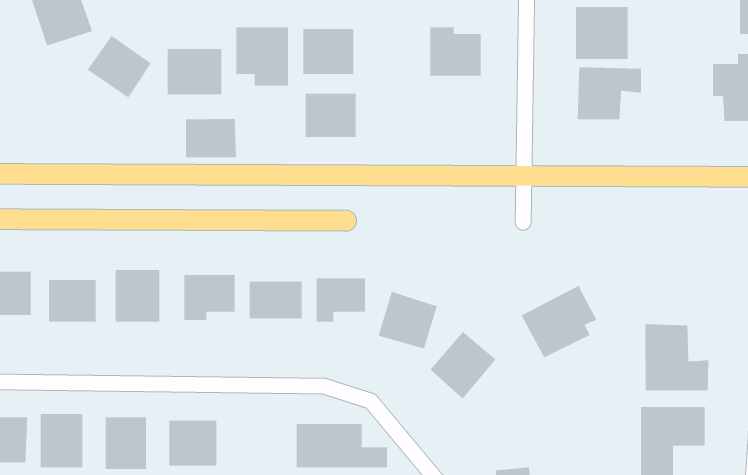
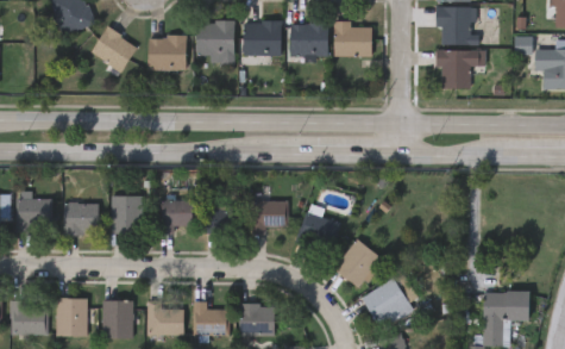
building: [305,93,357,138] -> [289,24,326,56]
building: [185,118,237,158] -> none
building: [520,285,597,359] -> [362,273,416,325]
building: [645,323,709,391] -> none
building: none -> [193,300,228,335]

